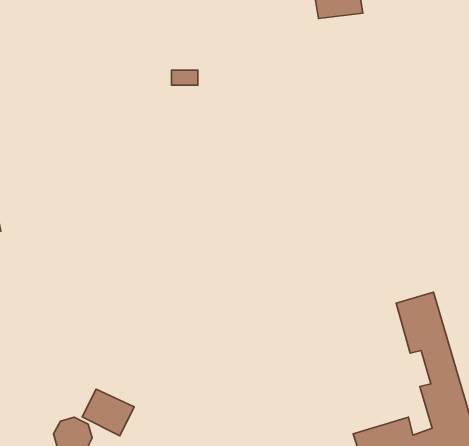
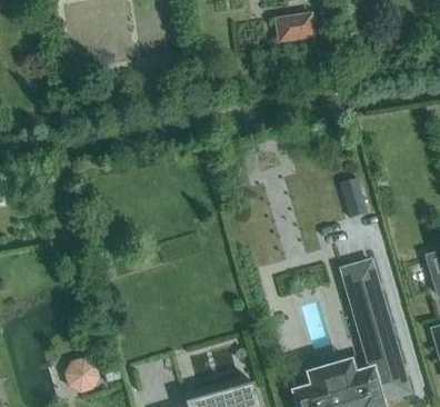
building: none -> [340,176,368,216]
building: [82,389,134,436] -> none

